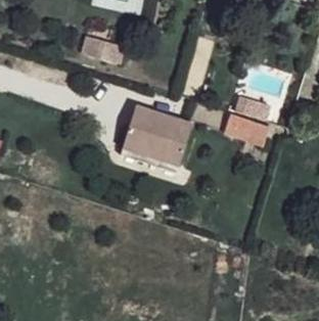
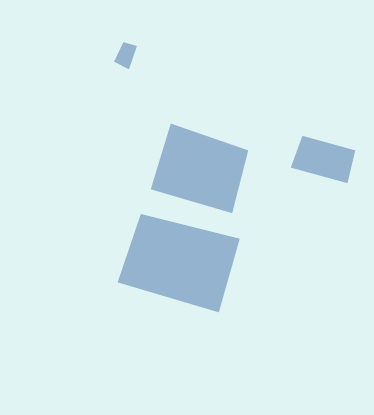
building: none -> [117,213,240,313]

